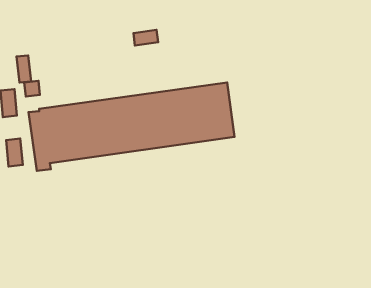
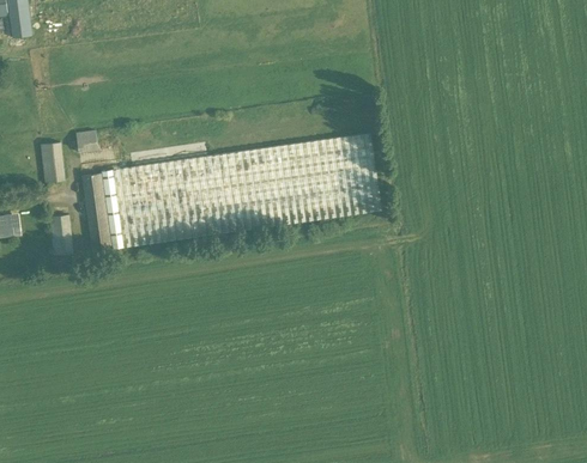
building: [133,30,158,45] -> none
building: [16,55,31,83] -> none

